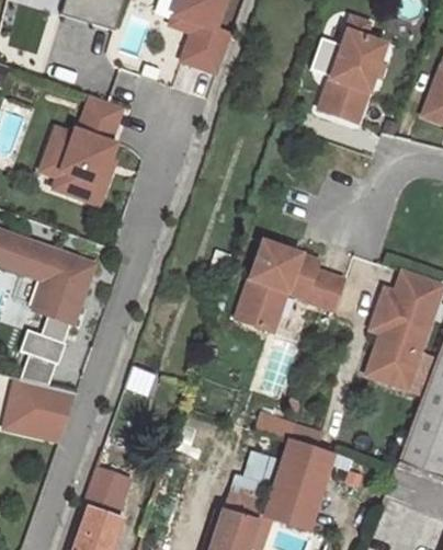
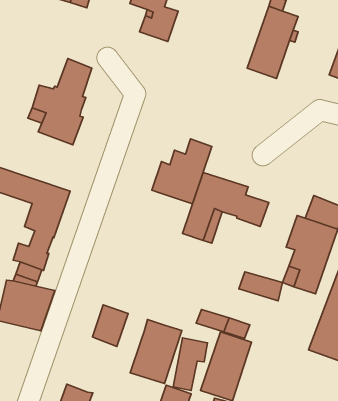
building: none -> [152,139,212,204]
building: none -> [239,272,283,301]
building: none -> [130,319,182,384]
building: [86,467,130,519] -> [93,305,128,346]

